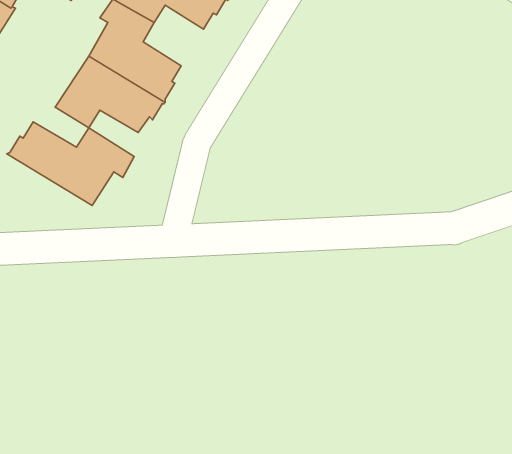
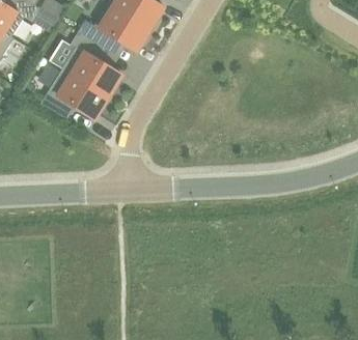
building: [7,122,134,206] -> none

